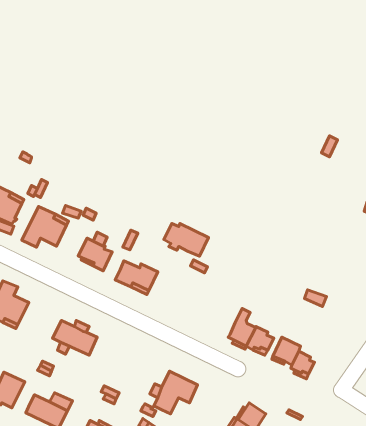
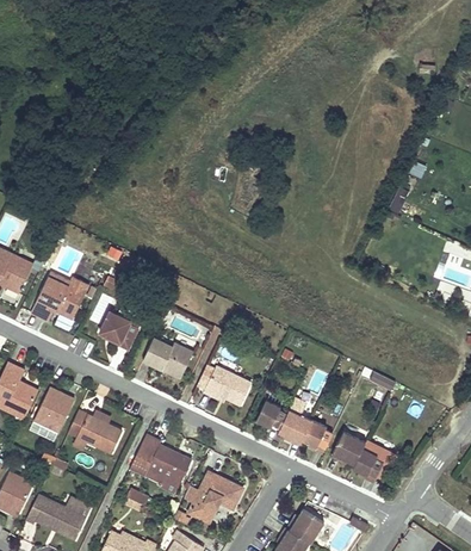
building: [164,224,209,256] -> [197,365,250,404]
building: none -> [33,386,73,433]
building: none -> [255,398,286,427]
building: none -> [129,434,191,494]

